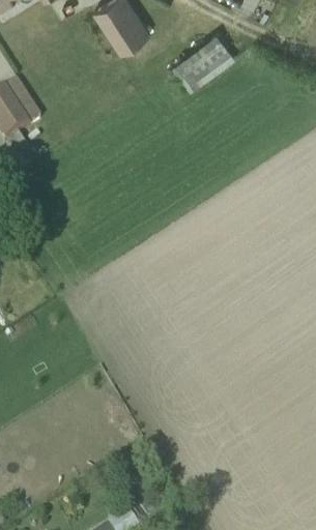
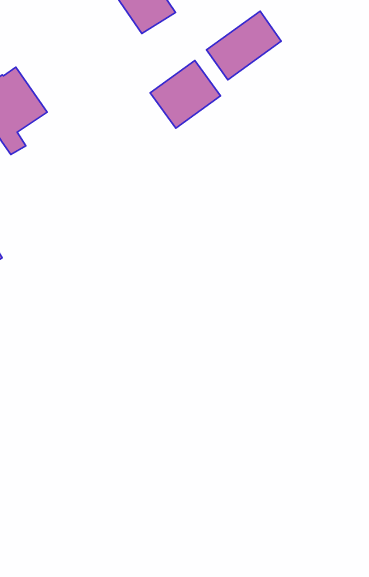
building: none -> [150,60,221,128]

